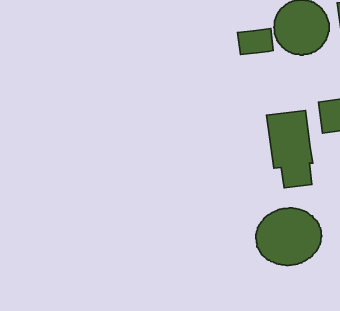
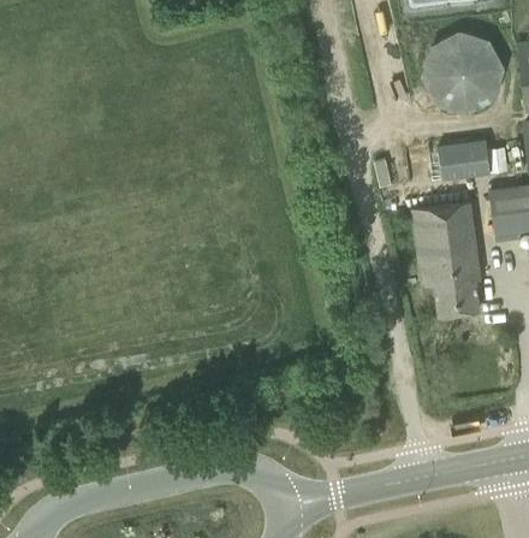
building: [237,29,273,55] -> [438,141,491,179]
building: [256,208,322,265] -> none

